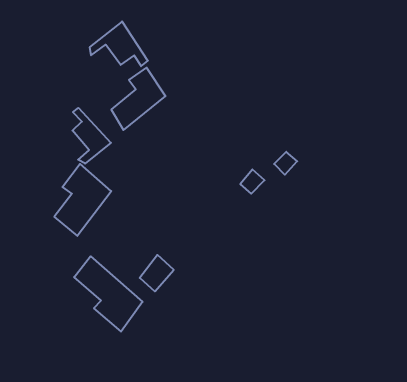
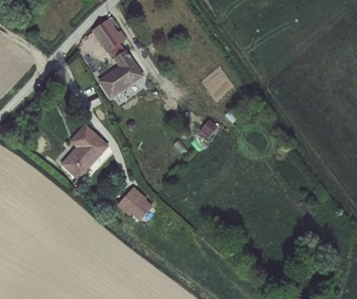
building: [72,108,111,164] -> none
building: [74,256,143,332] -> none

